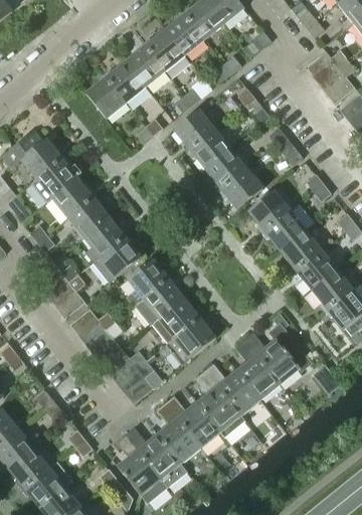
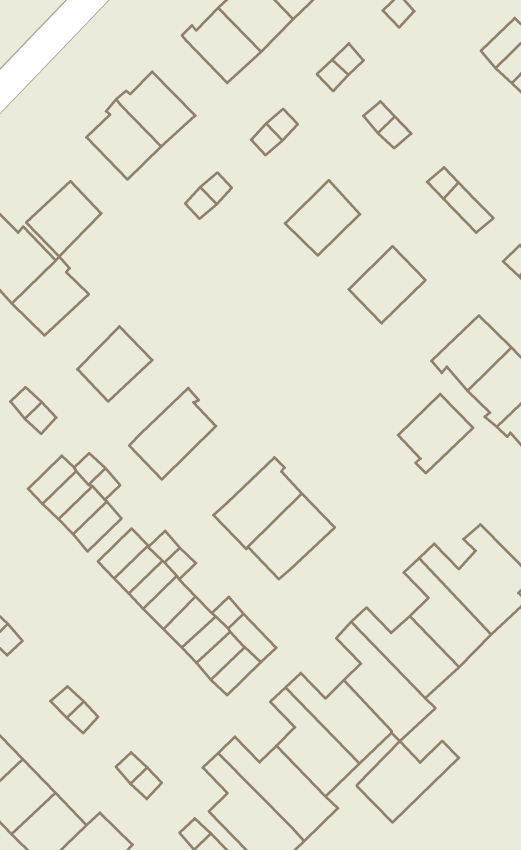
building: [125,42,165,87] -> none
building: [173,109,215,150] -> none
building: [205,149,246,191] -> none
building: [52,178,94,218] -> [26,181,101,256]
building: [248,190,290,232] -> [398,394,473,473]
building: [83,217,128,263] -> none
building: [126,258,171,306] -> none
building: [165,316,216,365] -> none
building: none -> [357,741,459,822]

